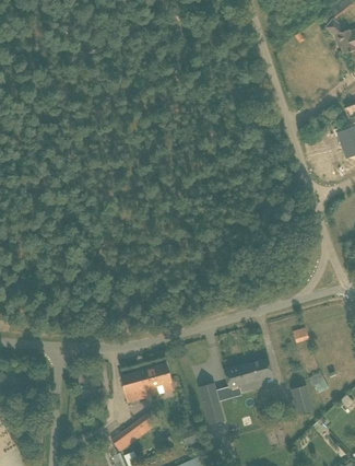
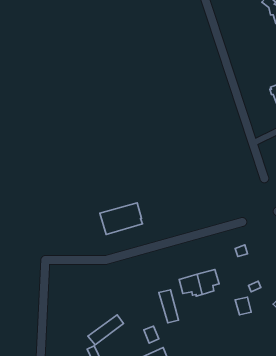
building: [120,363,173,403] -> [100,203,142,235]

